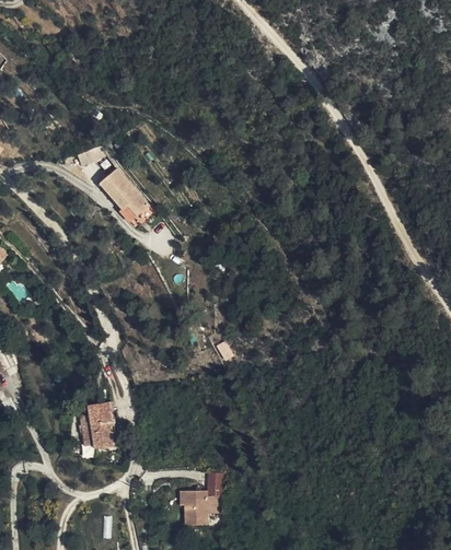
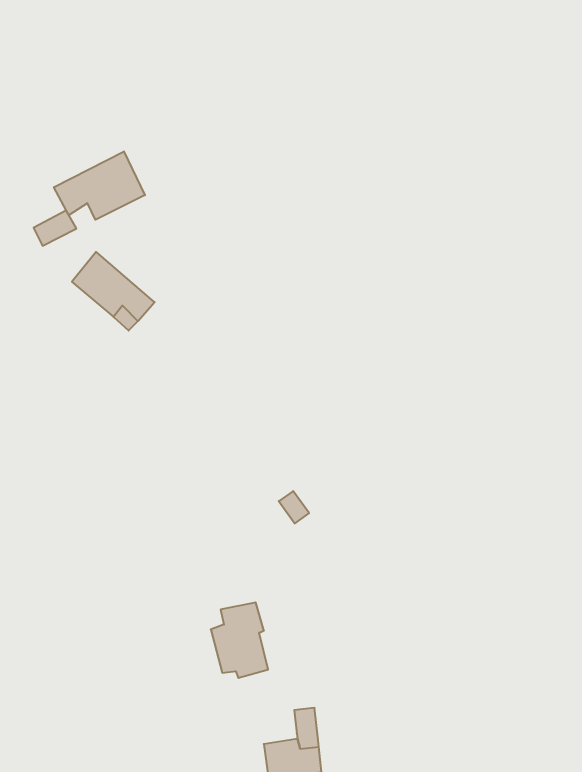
building: none -> [54,151,145,220]
building: [82,399,116,446] -> [211,602,268,678]

